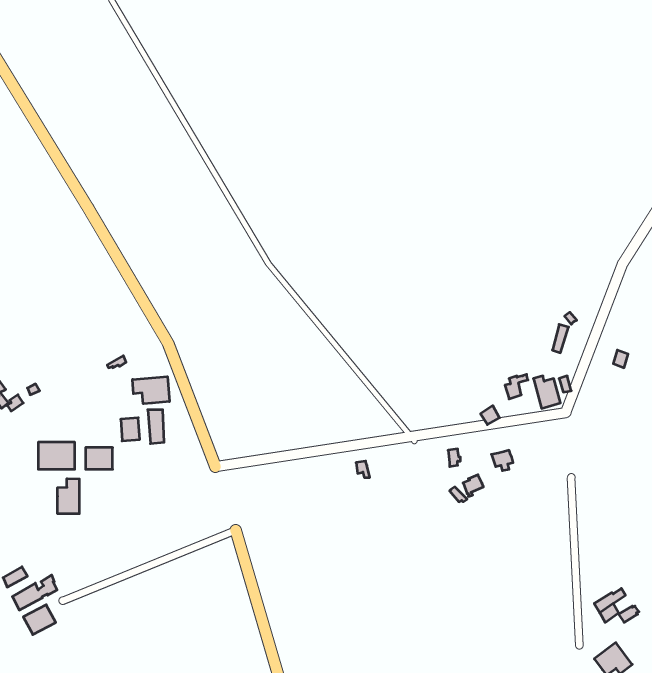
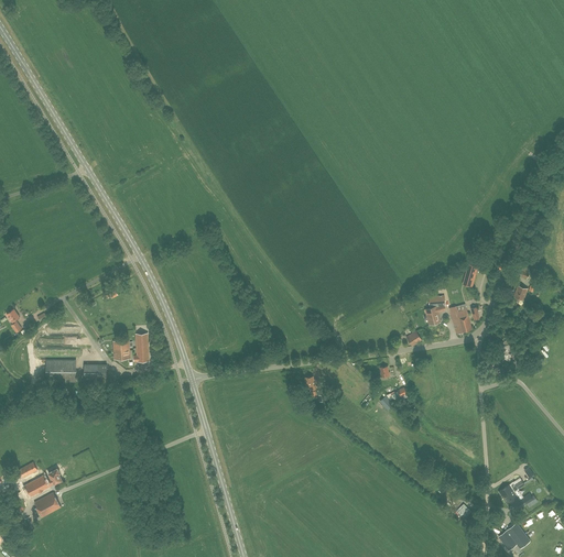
building: [133,377,169,404] -> none
building: [58,479,79,514] -> none

